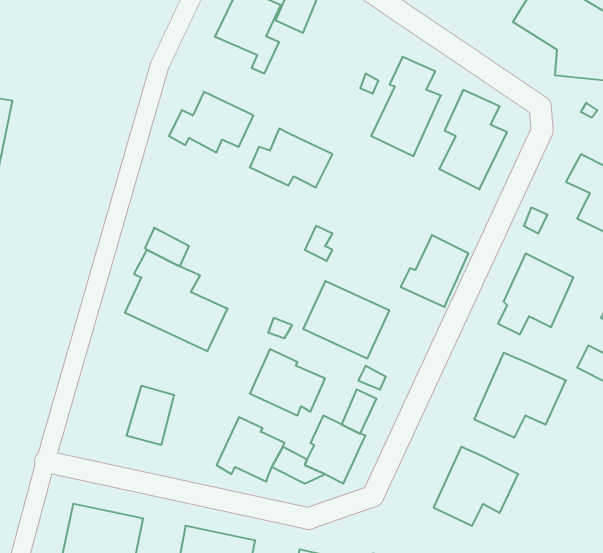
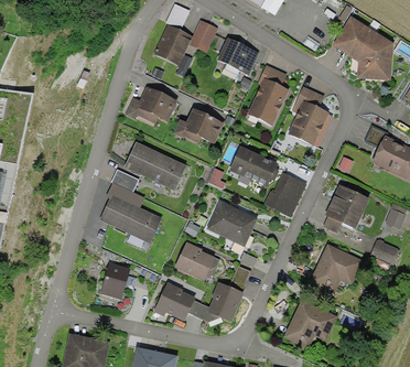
building: none -> [217,37,259,75]
building: none -> [125,141,185,188]
building: none -> [229,147,278,187]

